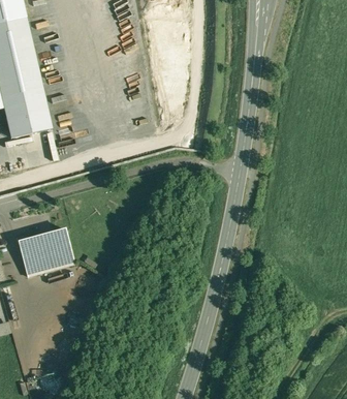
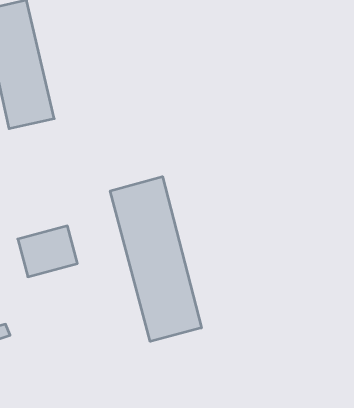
building: none -> [110,177,201,341]

